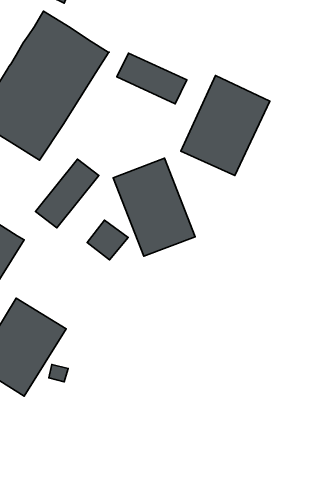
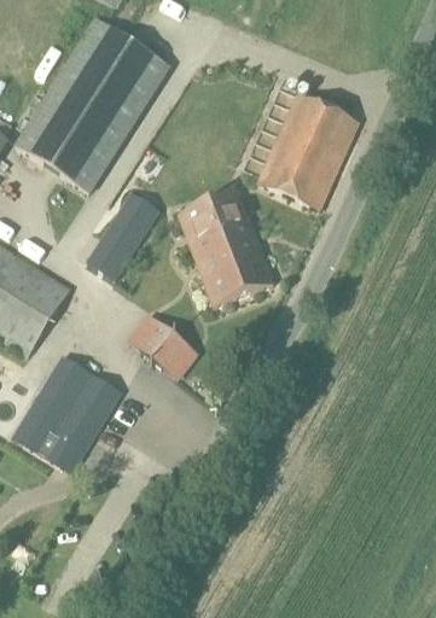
building: [117,53,187,104] -> none
building: [87,220,128,260] -> [139,321,187,368]

